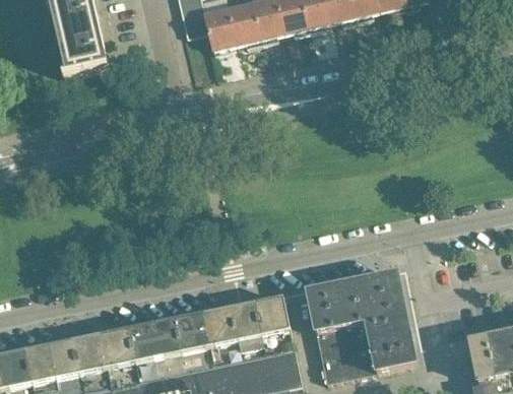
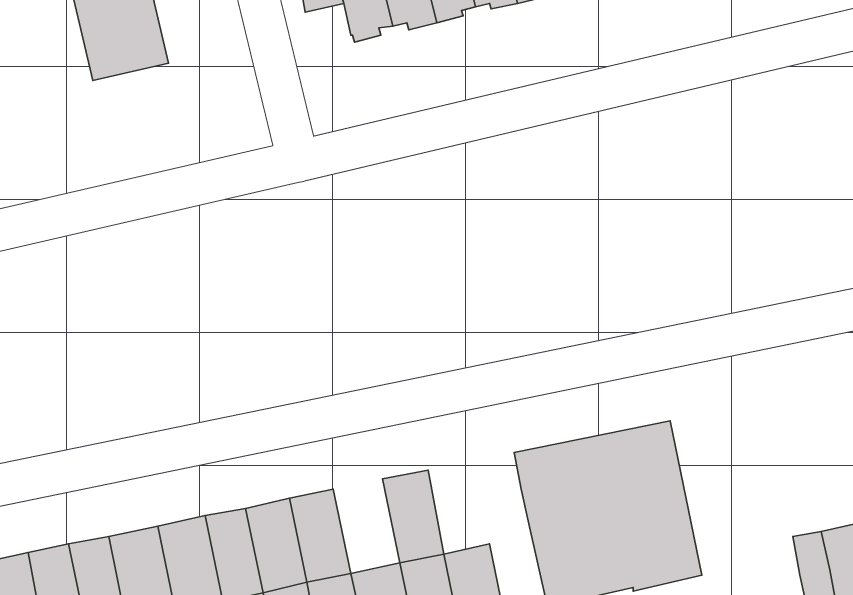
building: [258,297,294,350] -> none
building: [203,307,242,362] -> none

